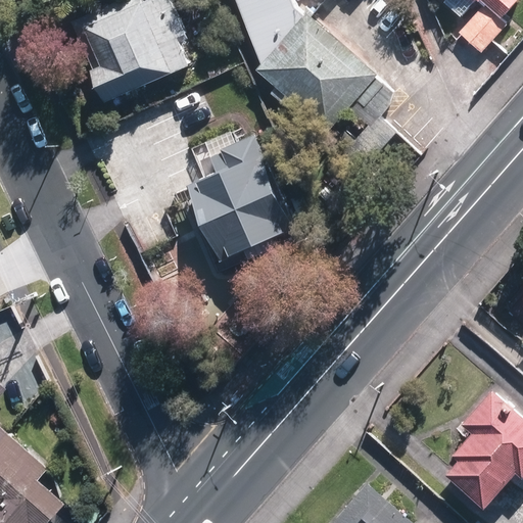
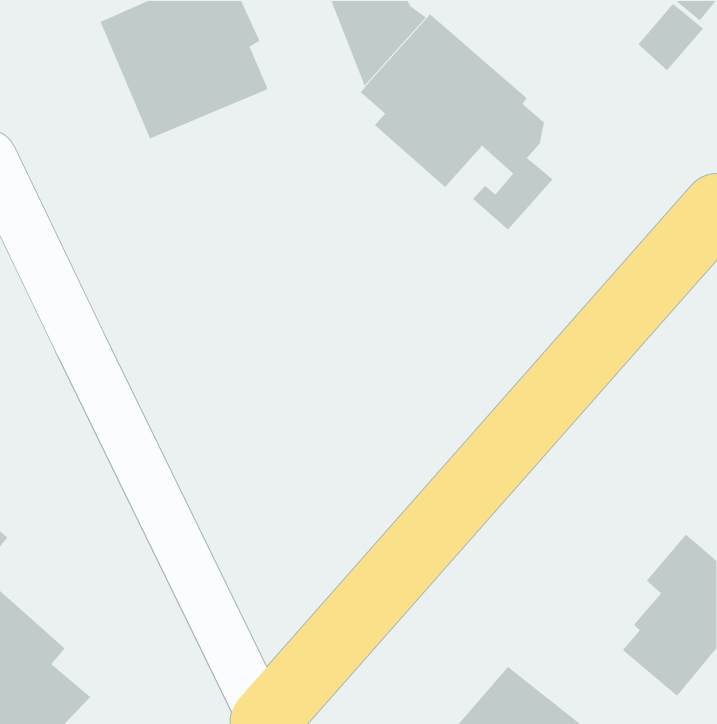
building: [179,137,288,265] -> none

